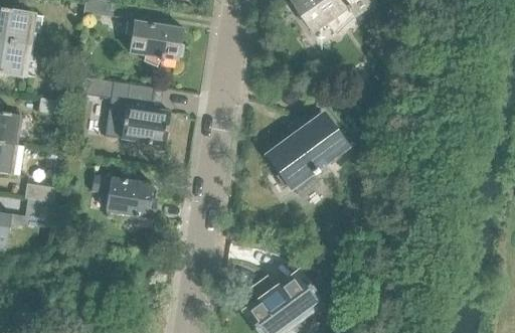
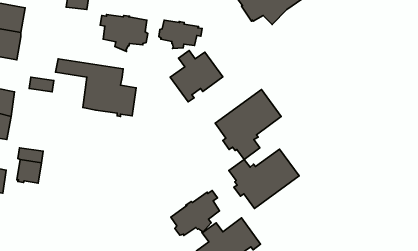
building: none -> [159,20,202,48]
building: none -> [170,50,223,102]
building: [91,173,155,217] -> none
building: none -> [229,149,299,208]
building: none -> [171,190,220,236]

